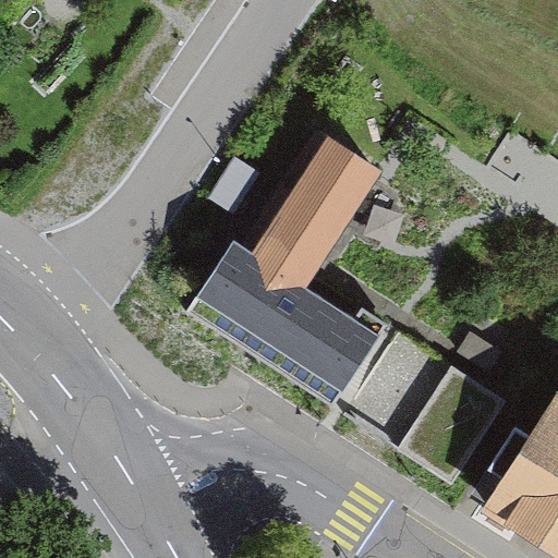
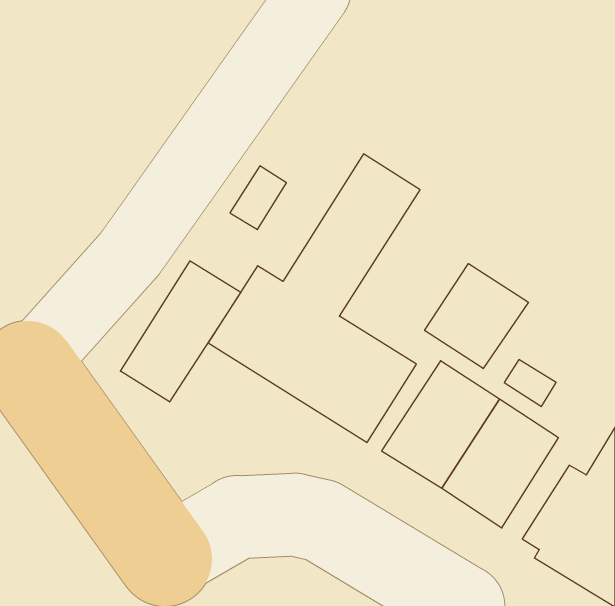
building: none -> [120,261,241,402]
building: none -> [425,264,528,369]

